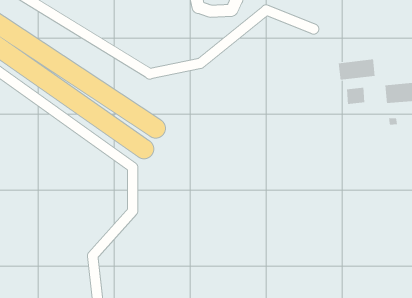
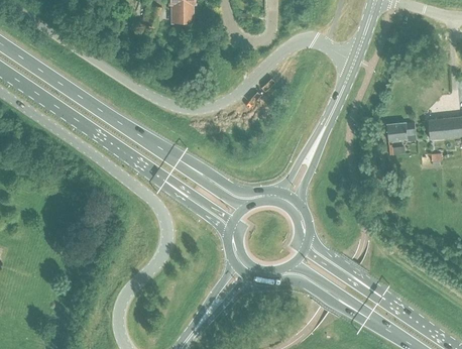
building: [338,58,375,80] -> none

